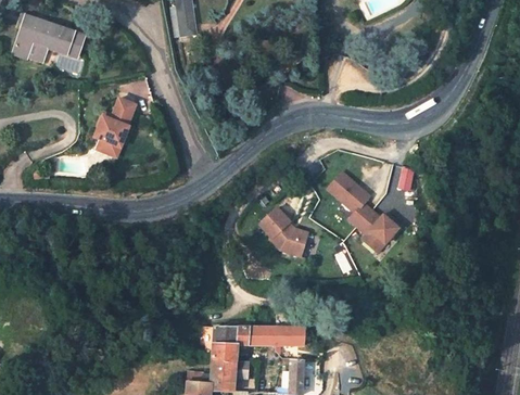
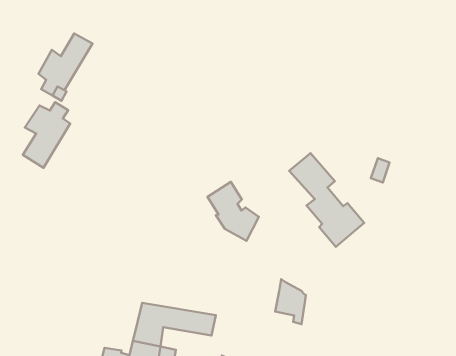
building: none -> [23,102,70,168]
building: [279,317,304,354] -> [275,279,306,324]

